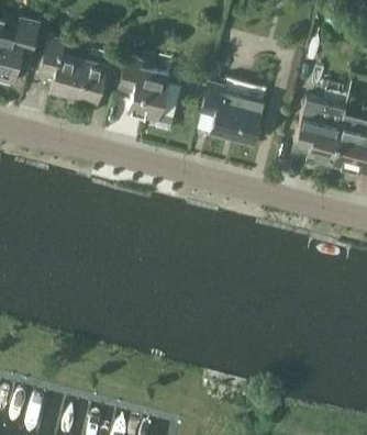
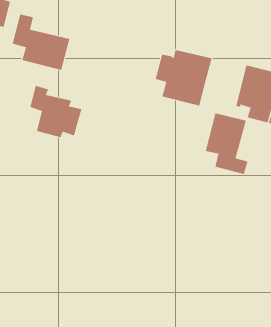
building: [121,58,181,119] -> [30,85,82,138]
building: none -> [205,112,248,175]

